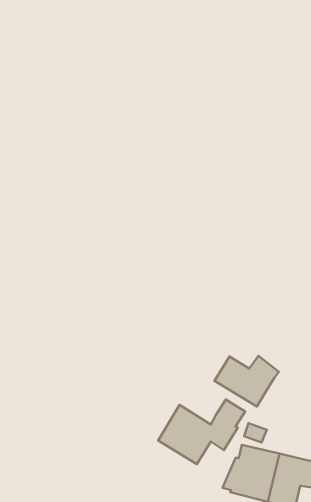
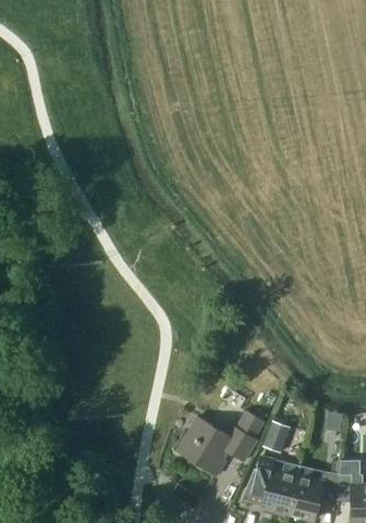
building: [215,356,279,407] -> none

